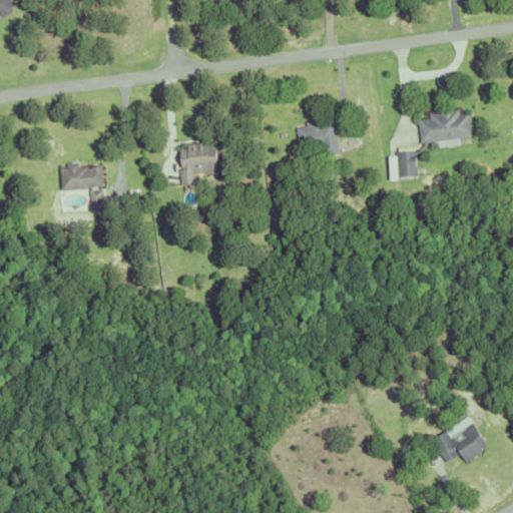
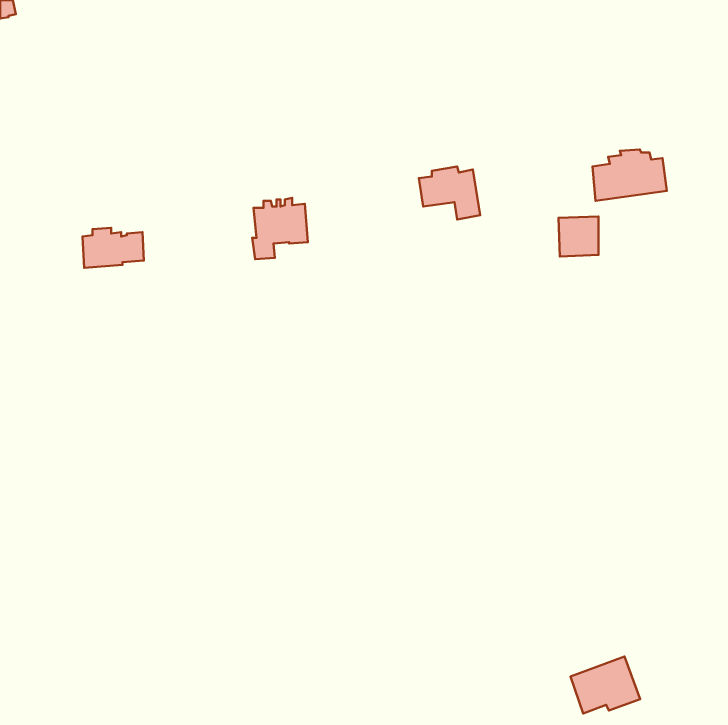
building: [440,423,489,463] -> [571,657,640,713]

